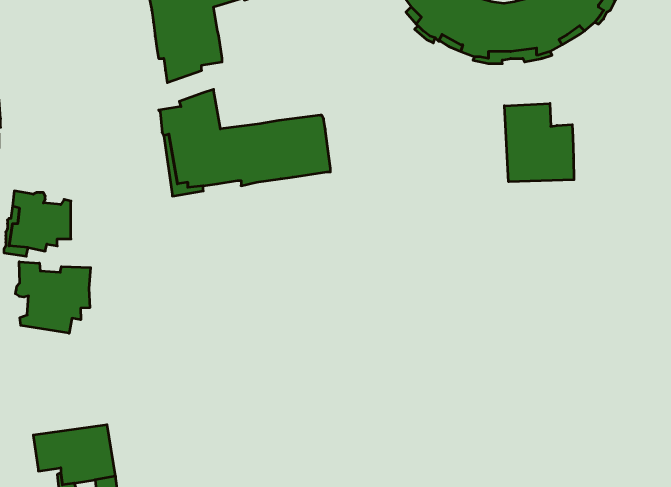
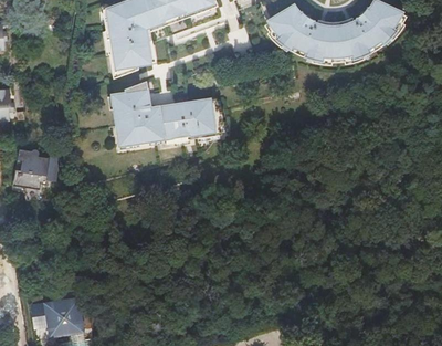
building: [504,103,574,182] -> none
building: [15,262,91,333] -> none

